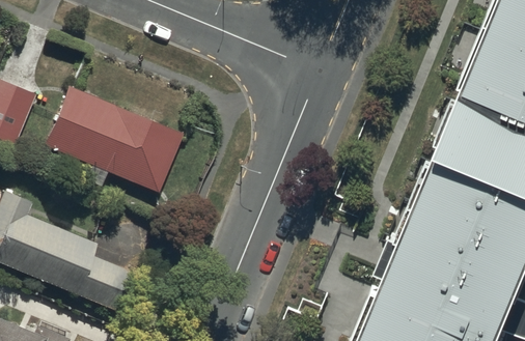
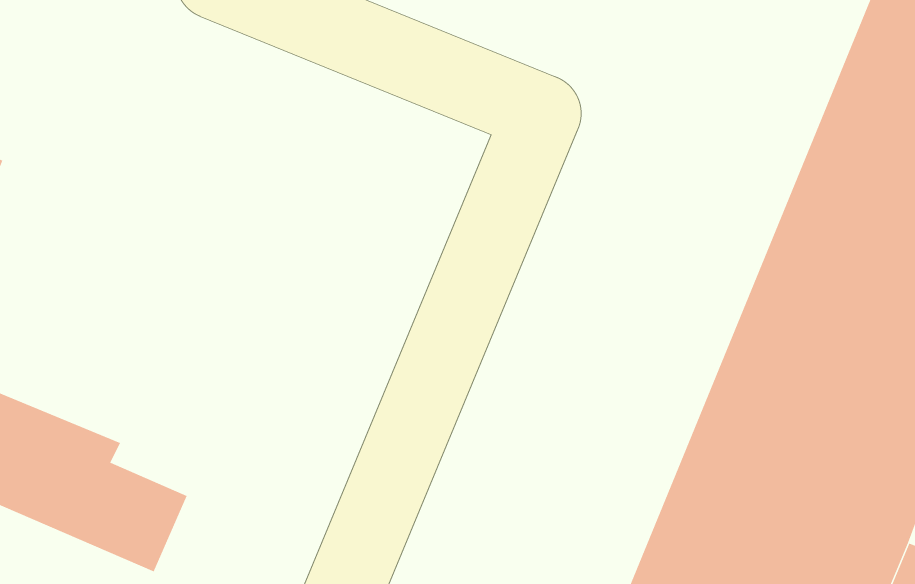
building: [43,85,182,192] -> none

